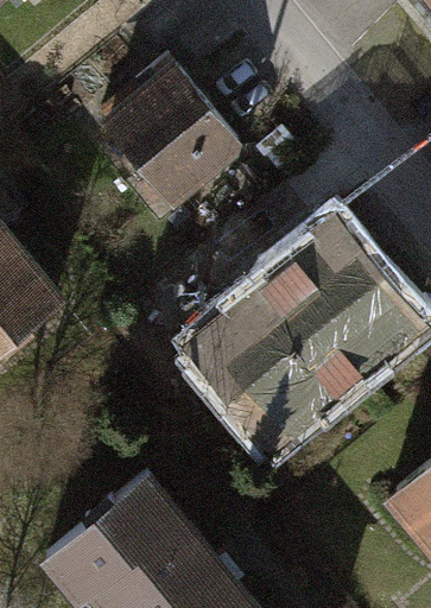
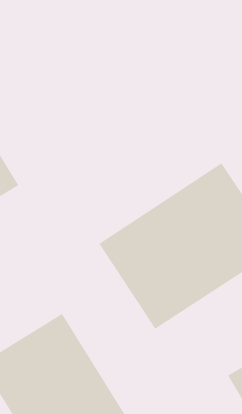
building: [103,82,235,214] -> none

